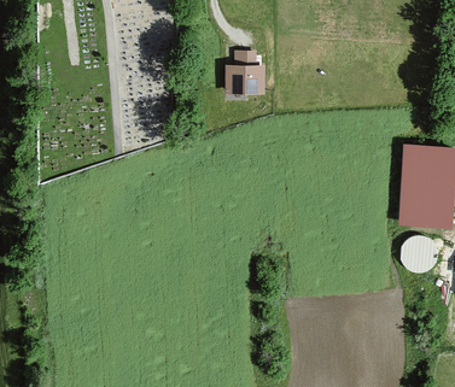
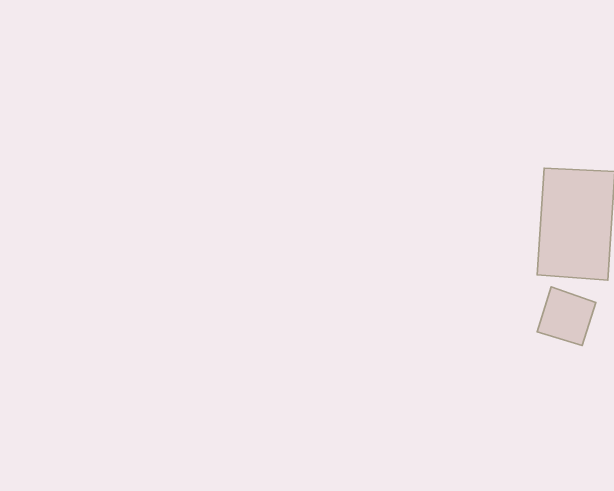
building: [228,55,262,93] -> none

